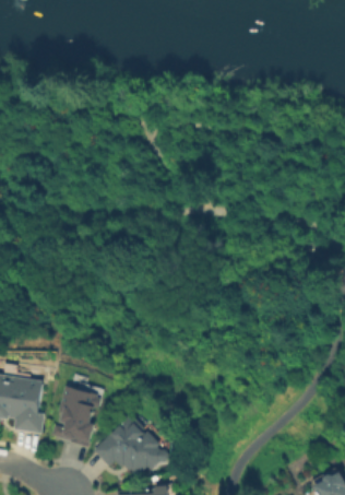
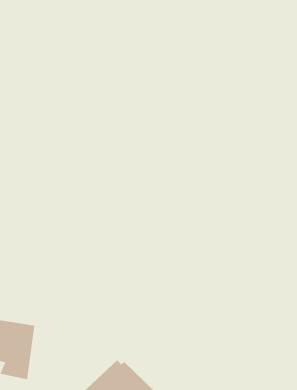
building: [46,379,103,444] -> none

